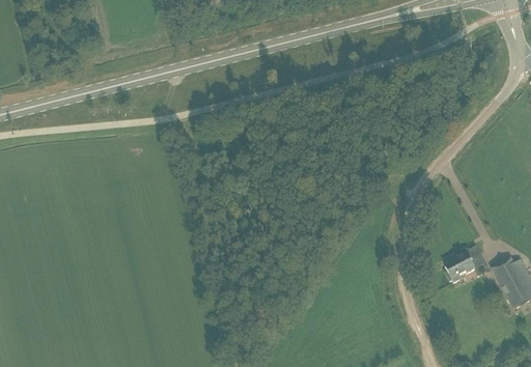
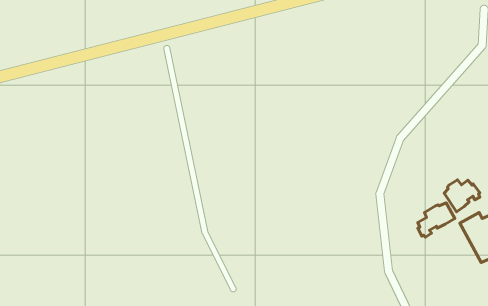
building: none -> [444,180,480,212]

